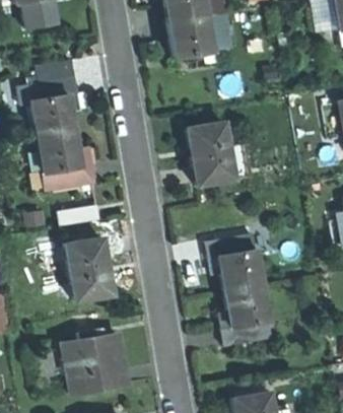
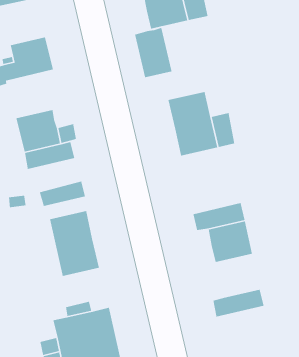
building: none -> [134,27,172,78]
building: [32,93,88,139] -> none
building: [225,288,268,329] -> none

